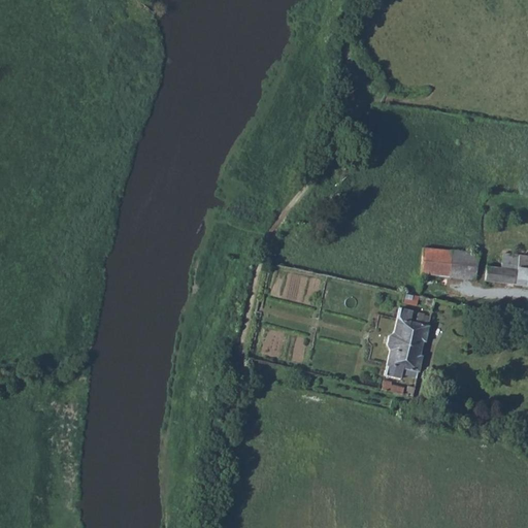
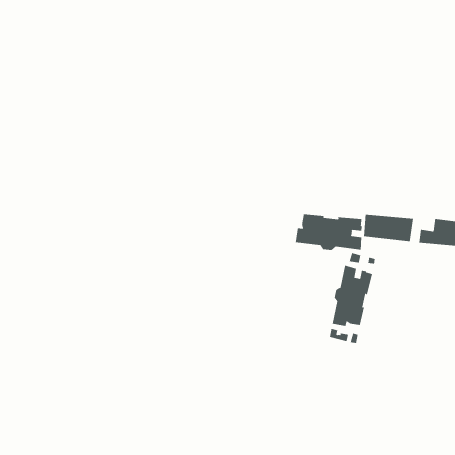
building: none -> [295,213,362,251]

